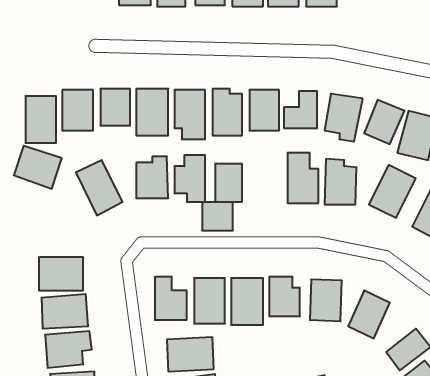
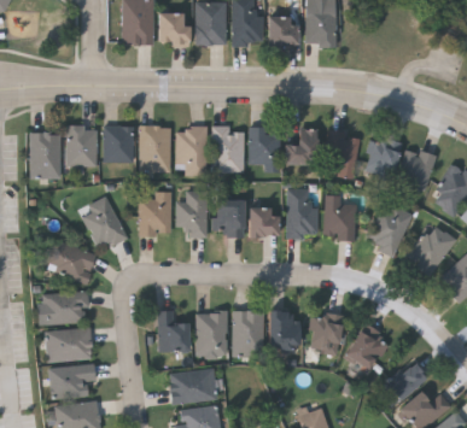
building: [14,146,62,189] -> [48,241,95,283]
building: [202,202,233,230] -> [249,209,279,236]

